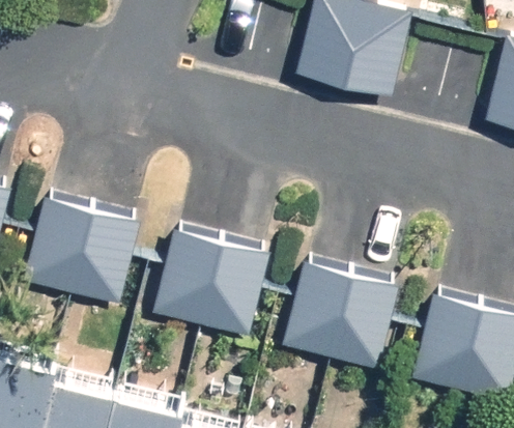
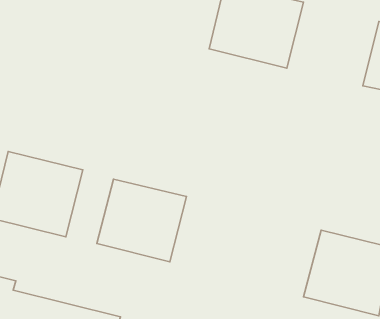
building: [286,266,394,370] -> none

